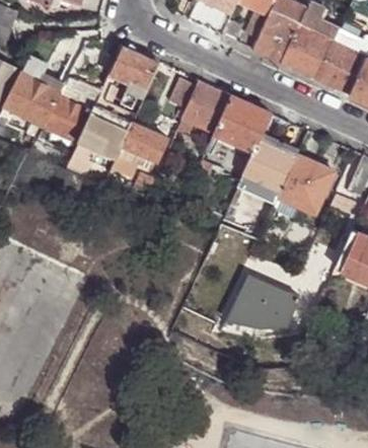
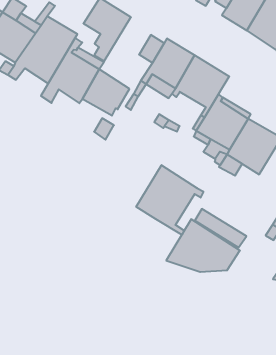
building: none -> [136,165,203,235]

